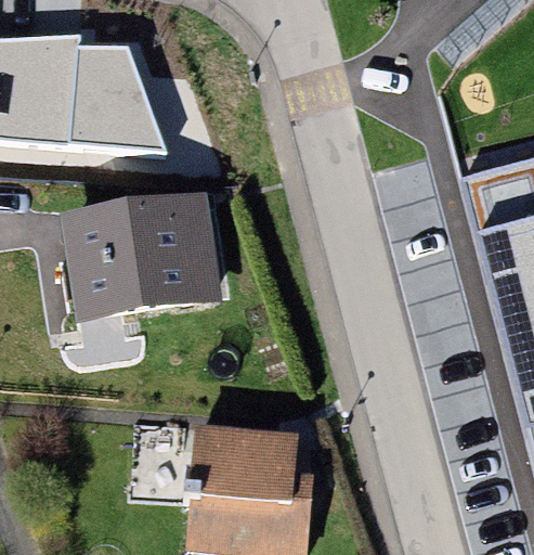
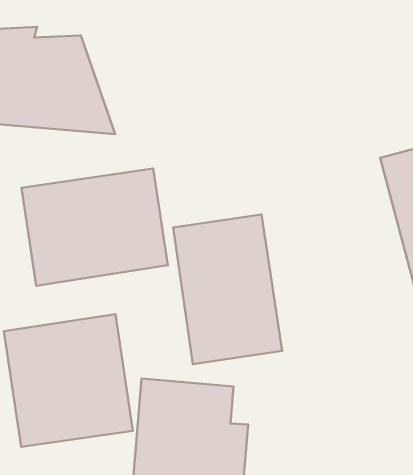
building: none -> [173,214,282,364]
building: none -> [4,314,133,447]

